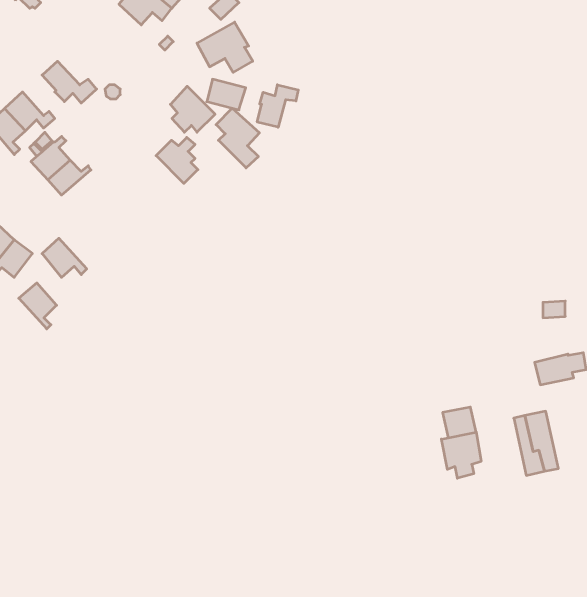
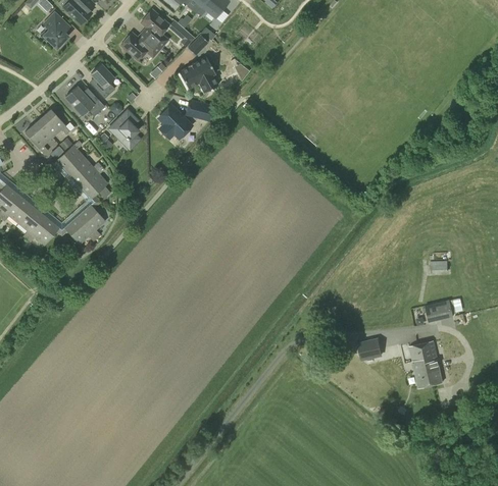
building: none -> [90,63,114,98]
building: [257,85,298,127] -> none
building: [216,108,259,168] -> none
building: [156,137,198,183] -> [108,114,139,148]
building: none -> [79,165,107,197]
building: [19,283,57,329] -> [77,204,104,237]
building: [441,432,481,478] -> none

